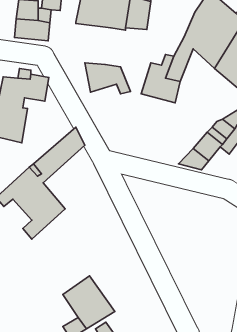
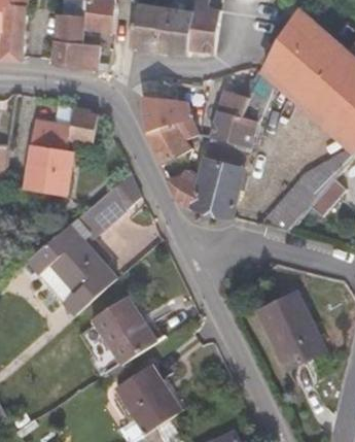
building: none -> [148,124,191,163]
building: none -> [168,142,252,217]
building: none -> [257,297,324,372]
building: none -> [90,298,156,367]

